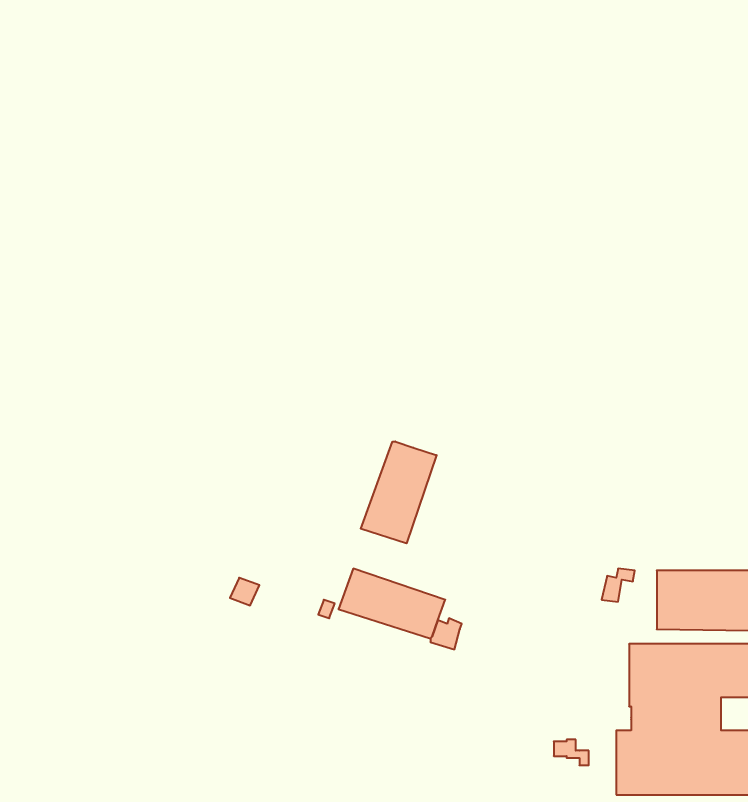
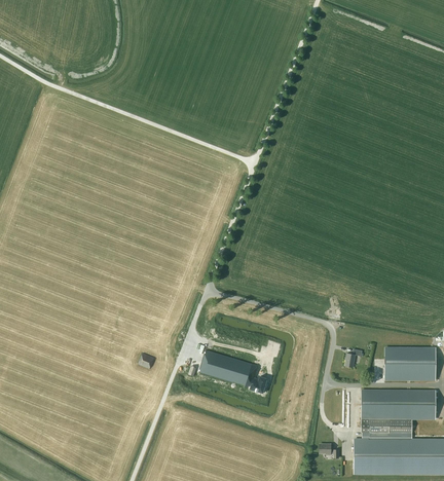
building: [361,441,437,543] -> none

